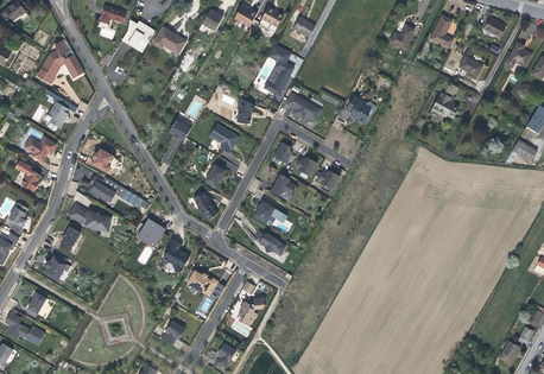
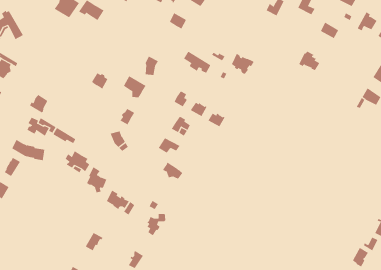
building: [264,62,292,96] -> none

